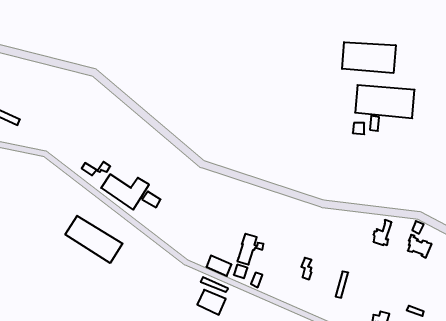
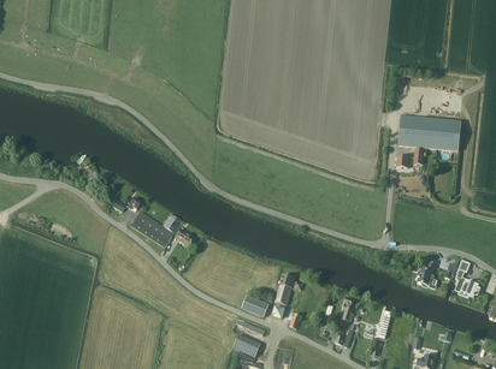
building: [342,42,396,73] -> none
building: [65,216,123,263] -> none

